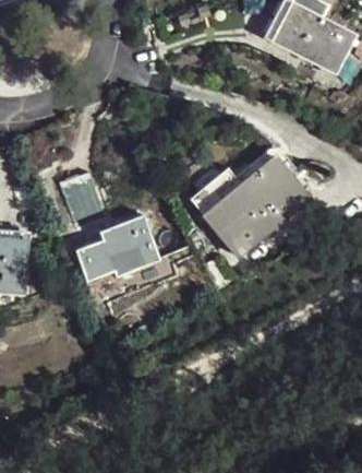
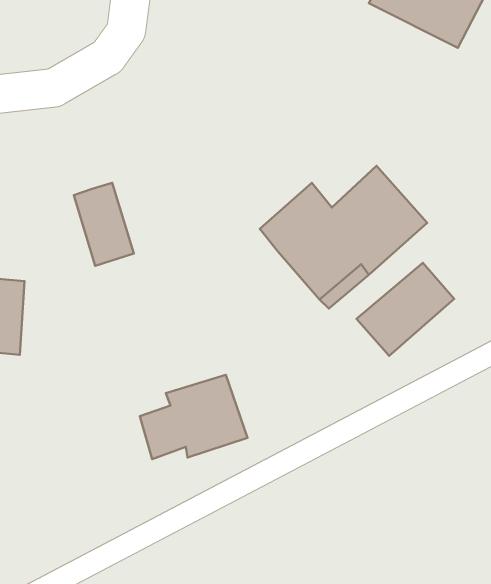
building: [80,215,156,275] -> [140,375,247,459]
building: none -> [357,263,454,356]

